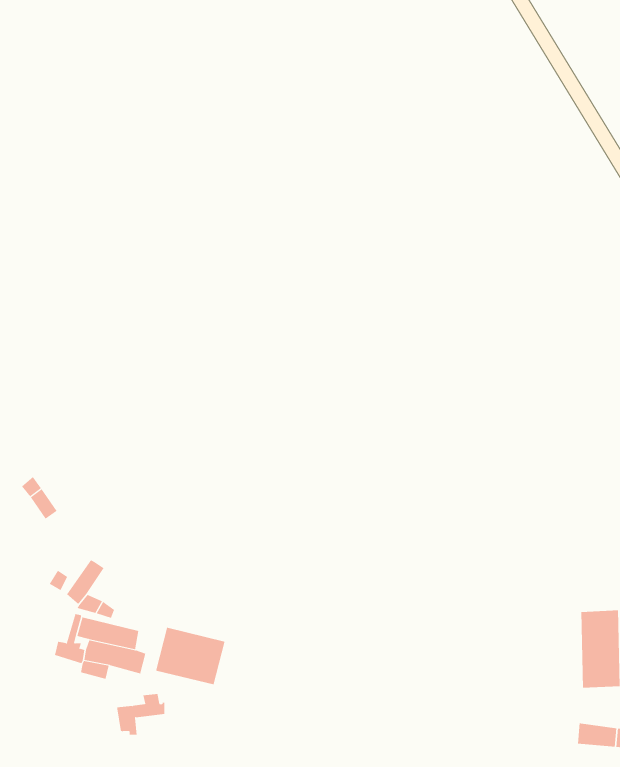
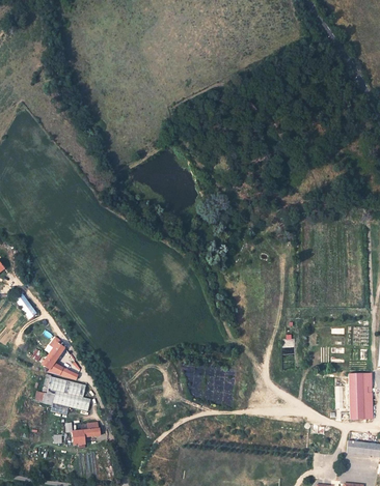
building: [155,627,225,685] -> none

